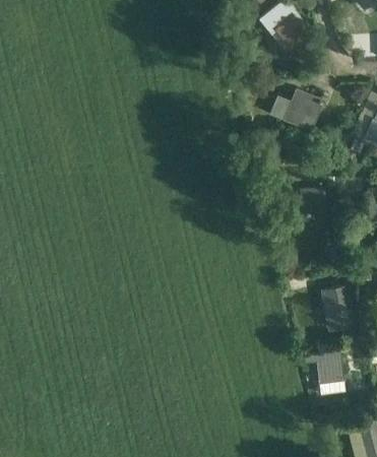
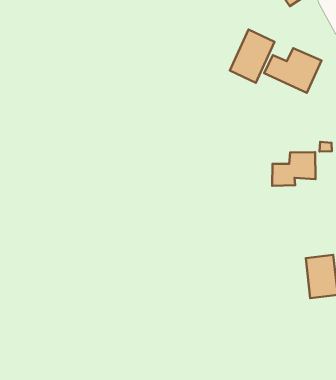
building: none -> [230,30,275,83]
building: [304,348,345,395] -> none

